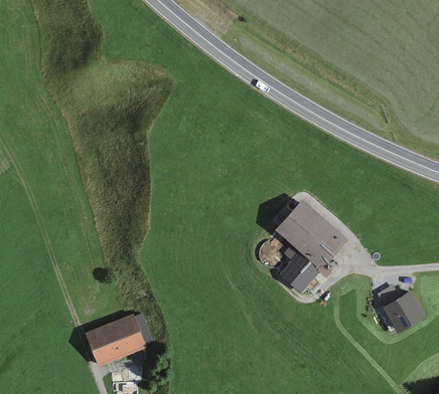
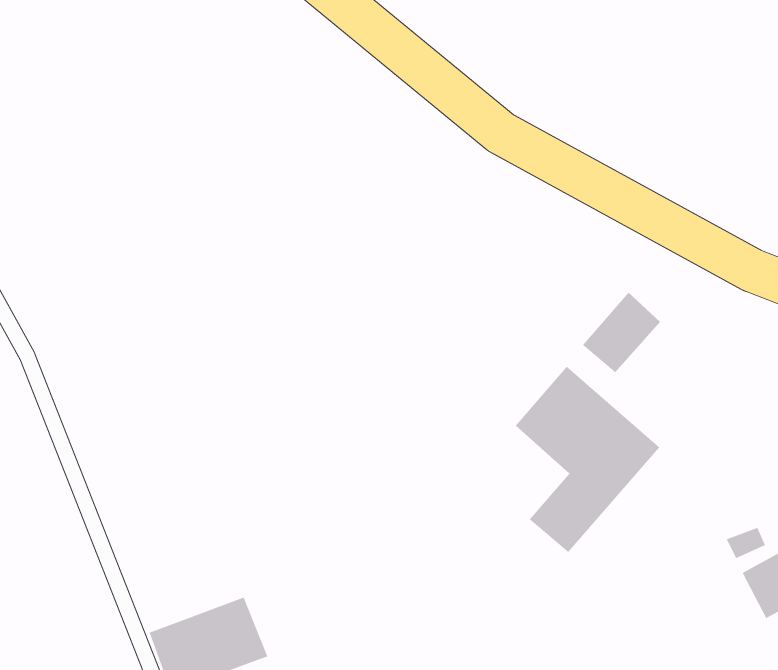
building: none -> [582,292,661,373]

